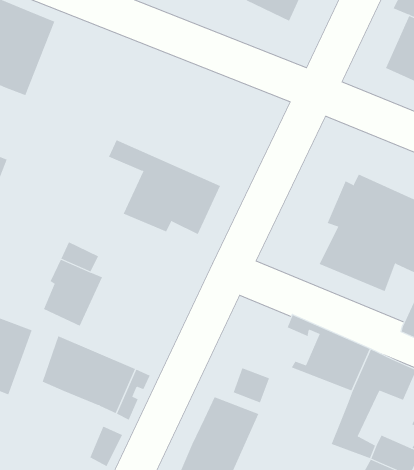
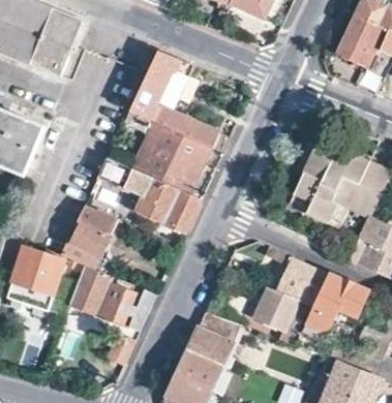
building: none -> [129,52,230,153]
building: none -> [99,157,202,235]
building: none -> [253,289,313,349]

